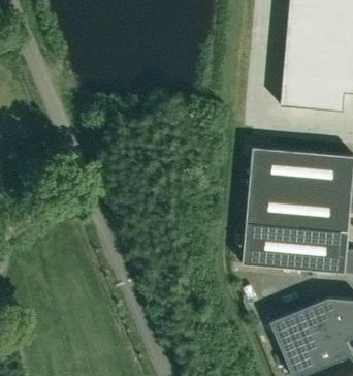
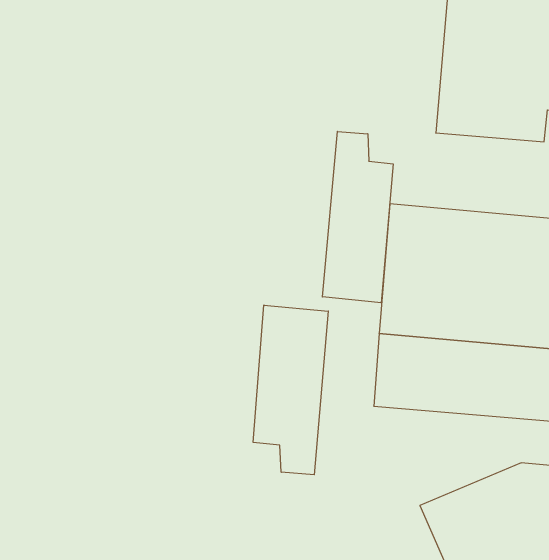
building: none -> [322,131,393,303]
building: none -> [253,305,328,475]

